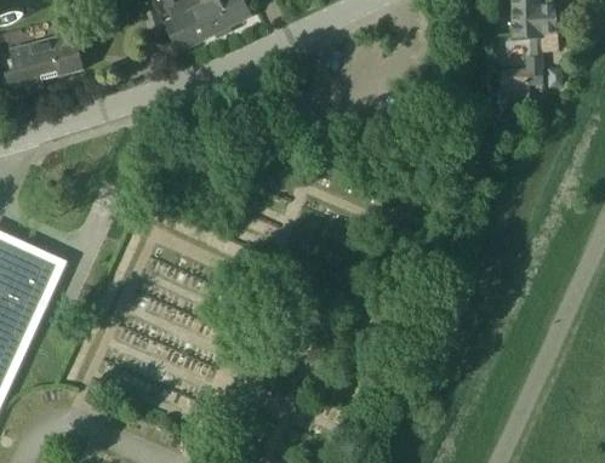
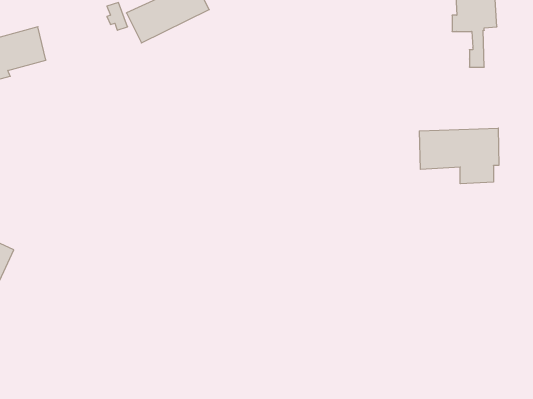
building: [500,67,529,102] -> none
building: none -> [419,128,499,184]

